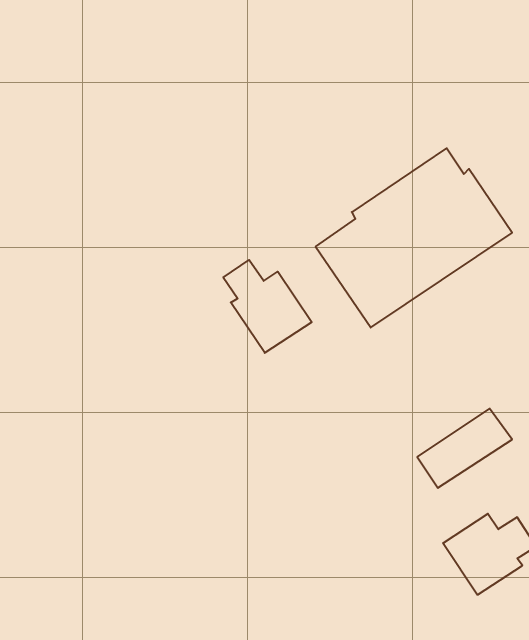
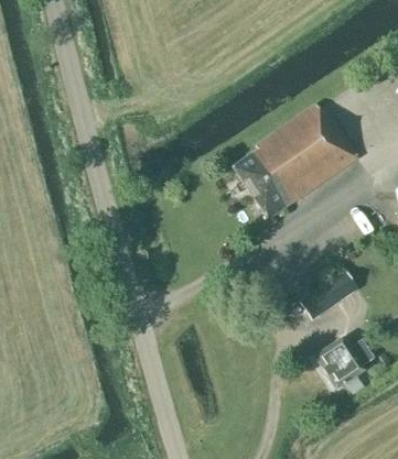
building: [223,260,312,353] -> none

